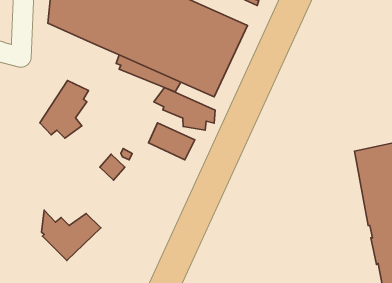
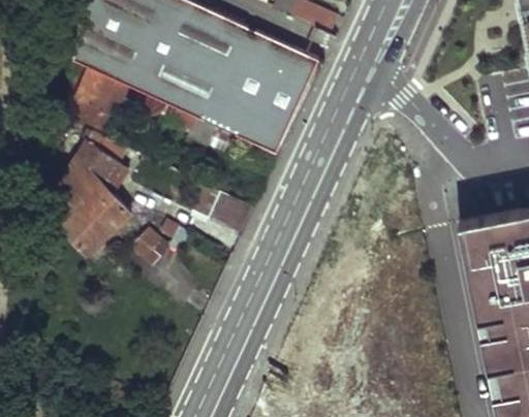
building: none -> [69,68,128,131]
building: [154,88,215,130] -> none
building: [42,210,101,260] -> [57,186,132,250]

